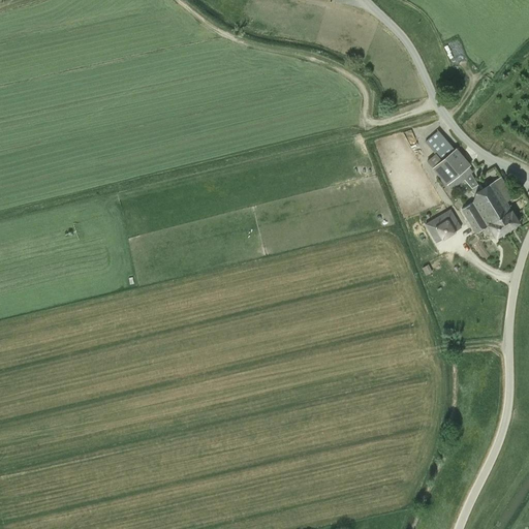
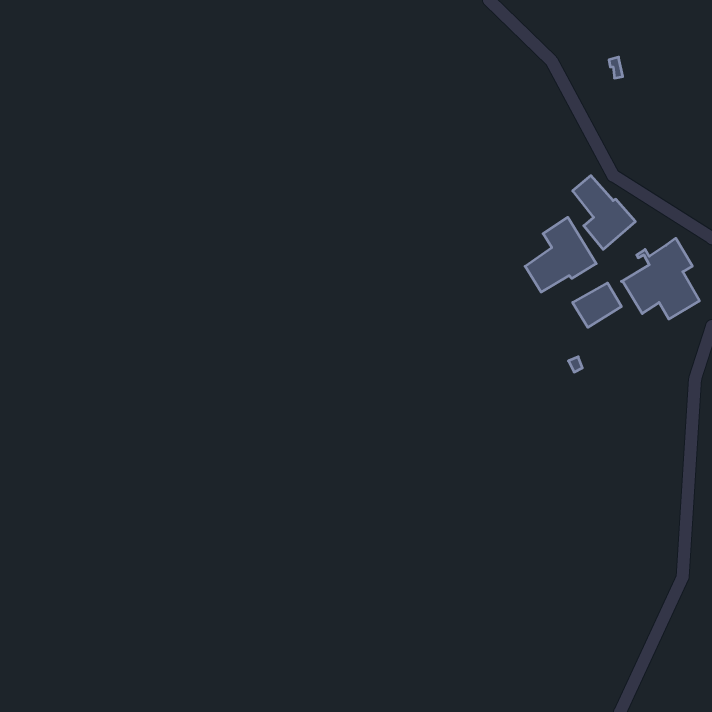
building: none -> [525,217,596,292]

